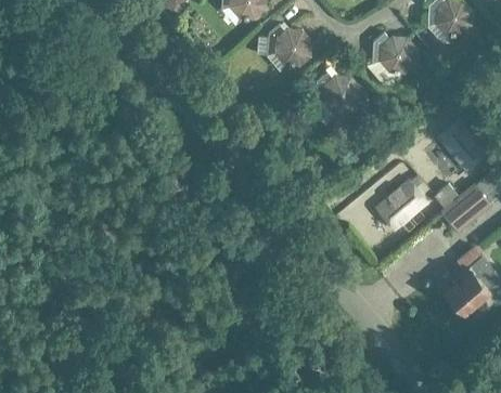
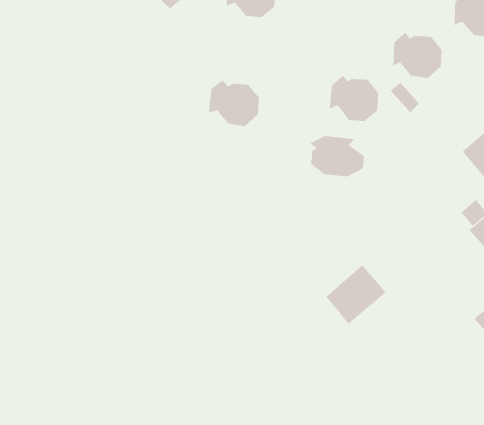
building: [266,24,312,66] -> [208,80,260,126]
building: none -> [309,135,364,177]
building: [374,178,429,232] -> [325,265,387,324]

